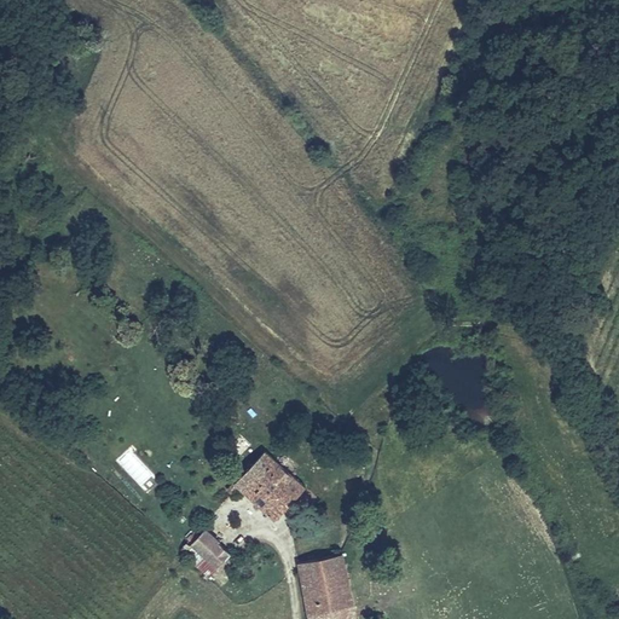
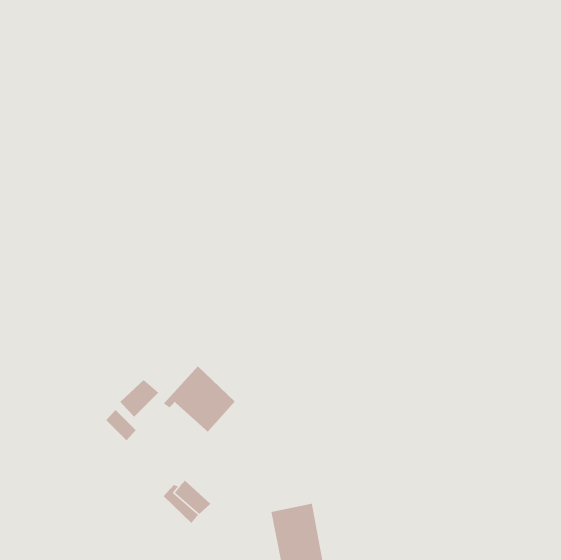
building: none -> [120,379,159,418]
building: [226,450,306,523] -> [163,365,235,432]

